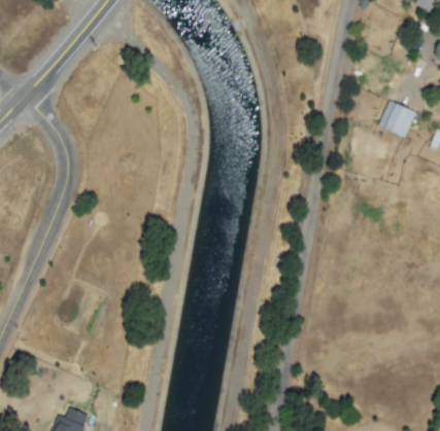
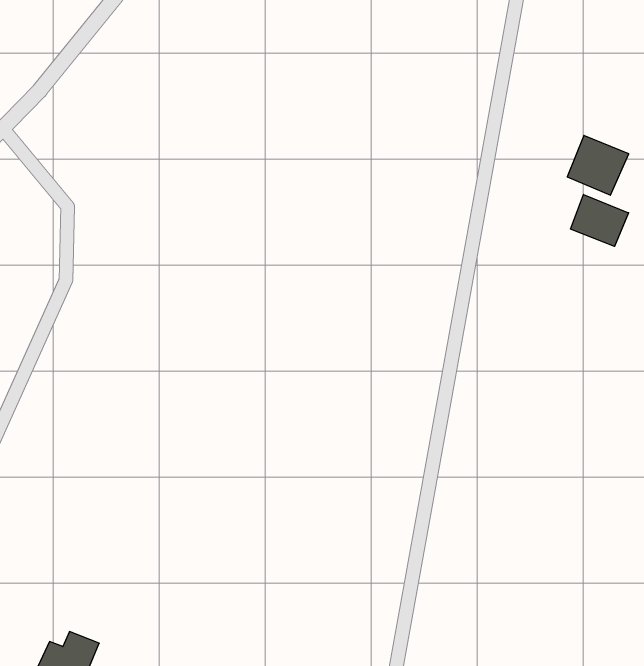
building: none -> [571,194,629,246]

